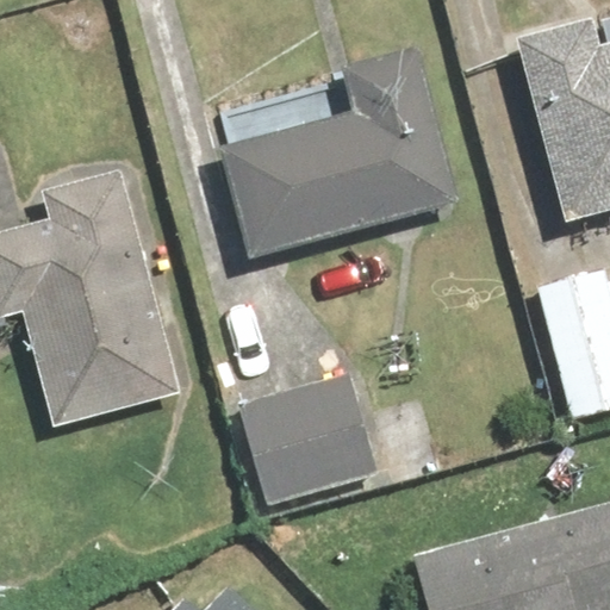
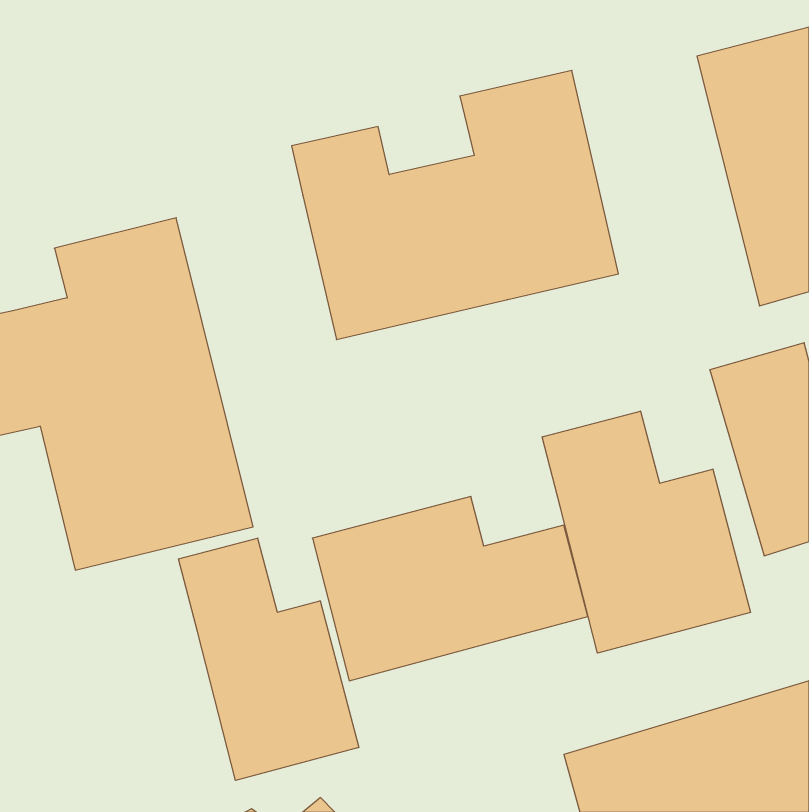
building: none -> [542,411,751,653]
building: none -> [178,538,359,780]

